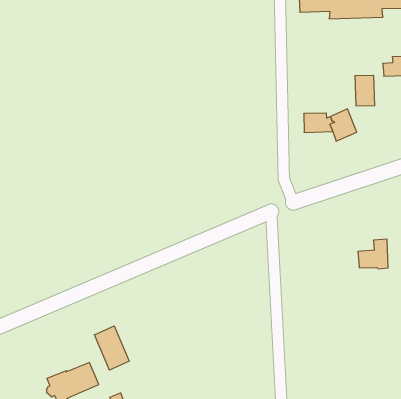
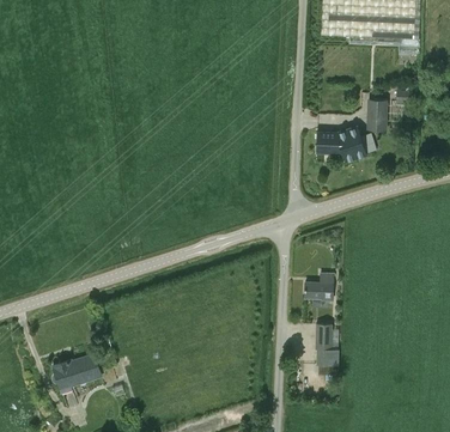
building: [358,239,388,269] -> [305,273,334,300]
building: none -> [315,324,340,366]
building: [95,326,129,370] -> none

